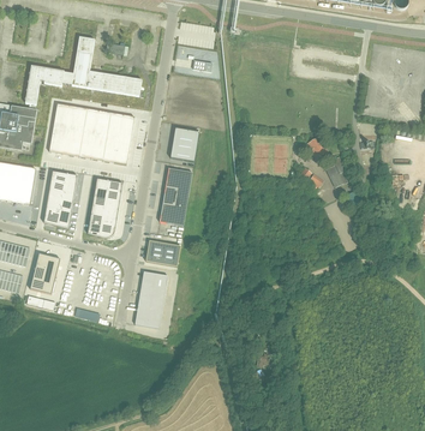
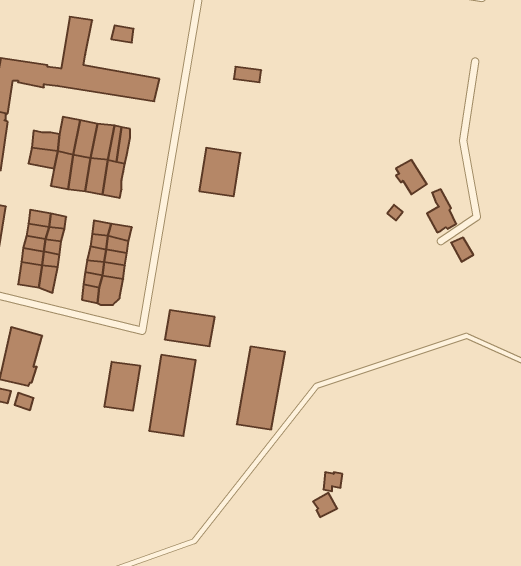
building: [158,166,192,223] -> [237,347,285,429]
building: none -> [105,362,140,411]

